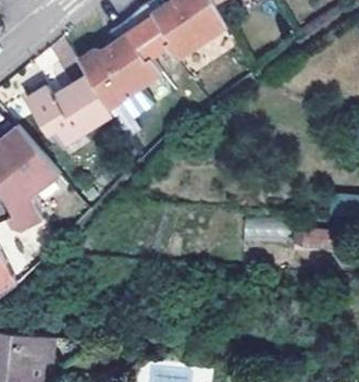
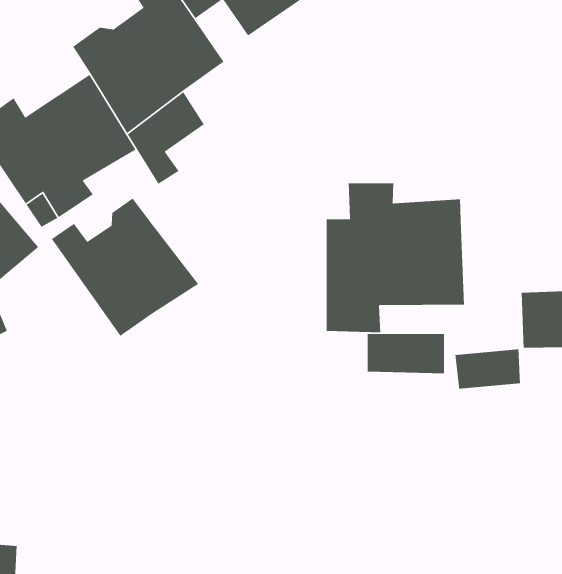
building: none -> [326,183,465,333]
building: none -> [51,197,199,337]

